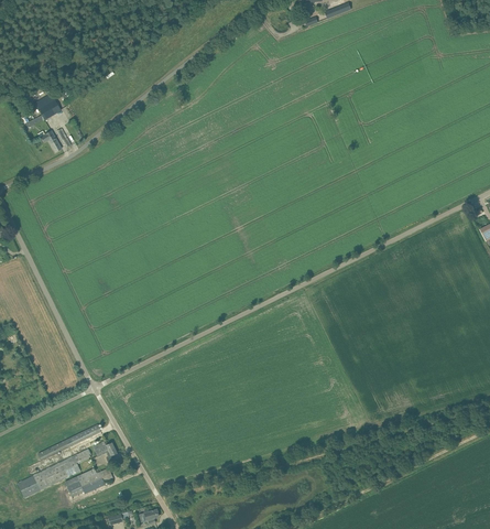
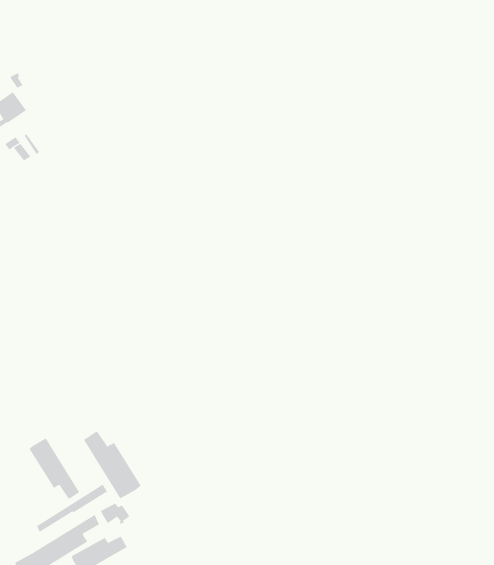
building: none -> [83,431,141,499]
building: none -> [29,438,80,500]

